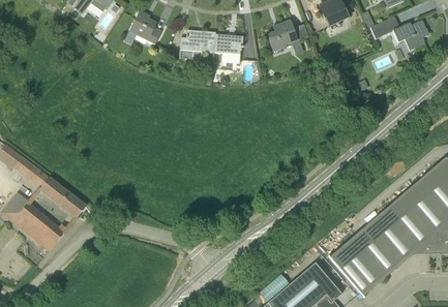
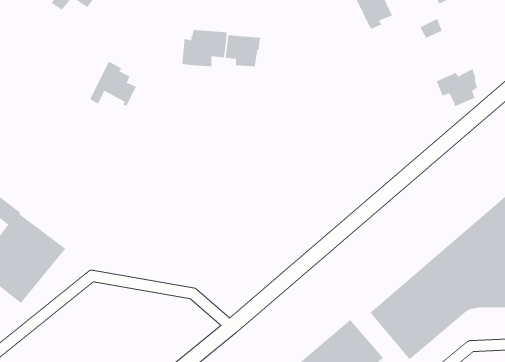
building: [123,9,161,47] -> [89,61,137,107]
building: [267,19,302,53] -> none
building: [392,19,426,50] -> [436,68,478,107]

